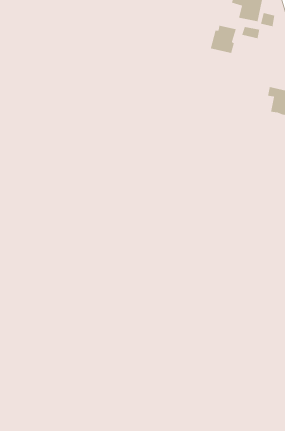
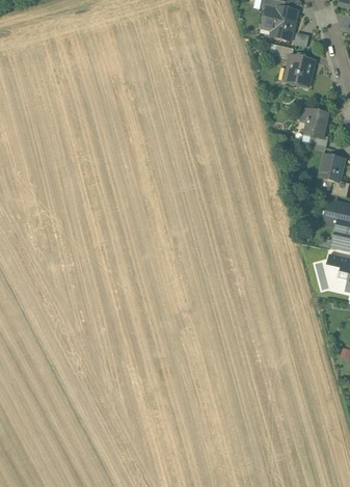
building: [210,25,237,54] -> [285,56,313,86]

